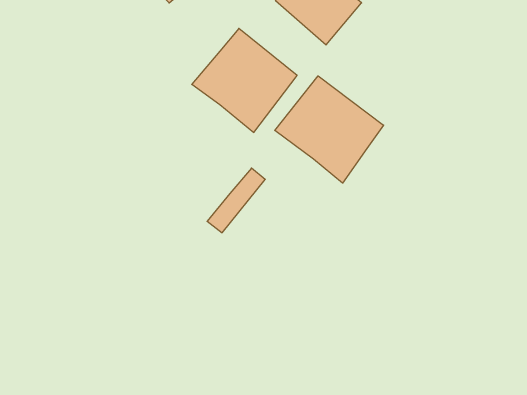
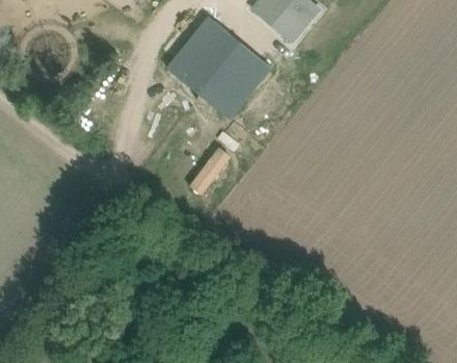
building: [275,76,384,183] -> none

